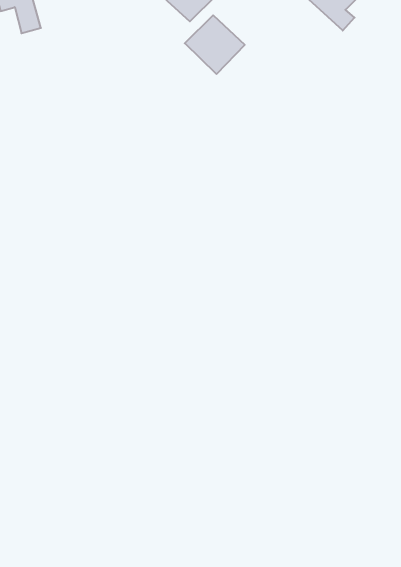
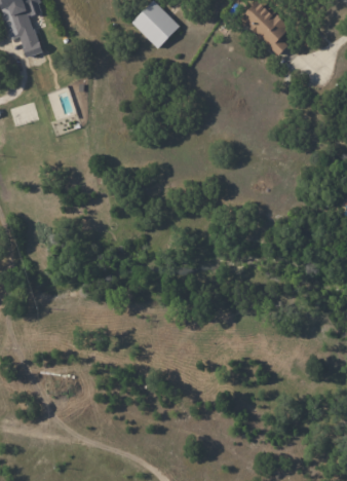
building: [185,15,245,74] -> none

